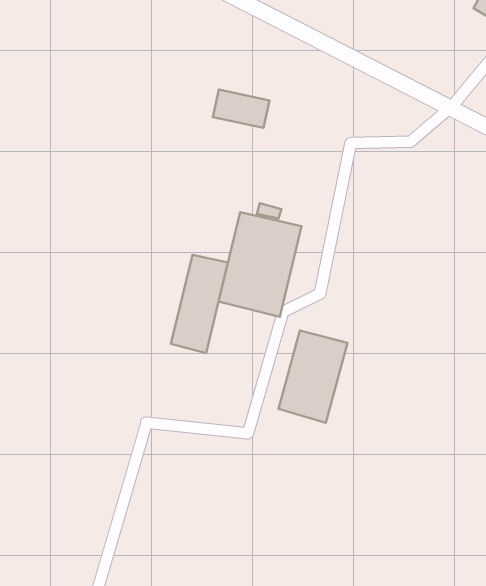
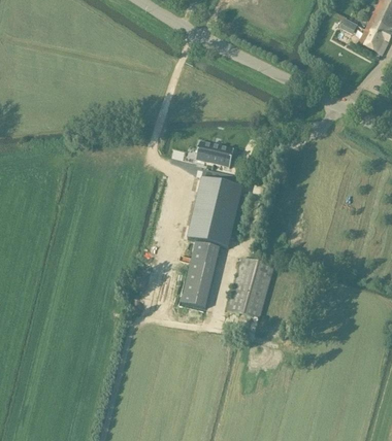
building: [213,90,270,128] -> [195,140,233,166]
building: [171,255,228,353] -> [181,241,219,307]

